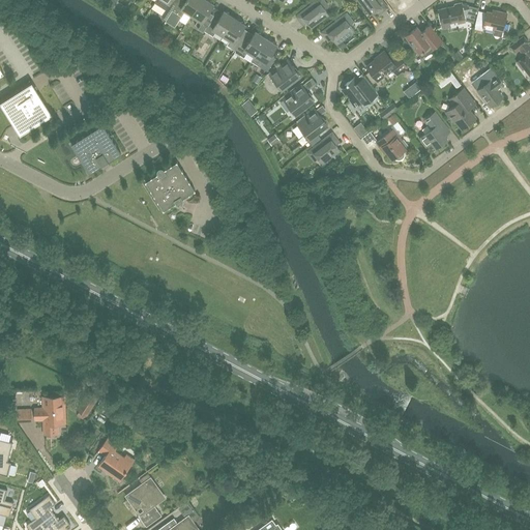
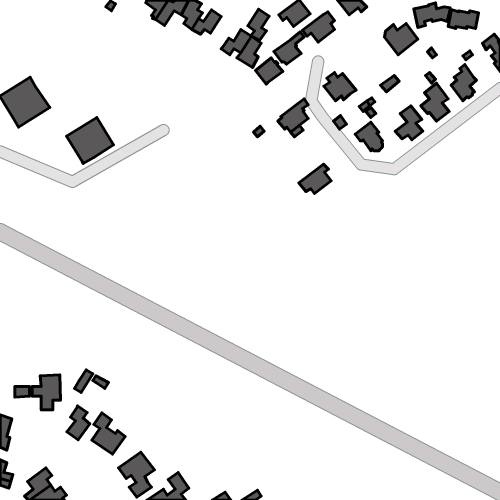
building: [223,18,245,51] -> [248,9,269,41]
building: [365,51,407,81] -> none
building: [284,78,316,112] -> [274,32,304,64]
building: [305,132,340,164] -> [299,164,331,194]
building: [145,160,195,210] -> none
building: none -> [67,406,90,440]

